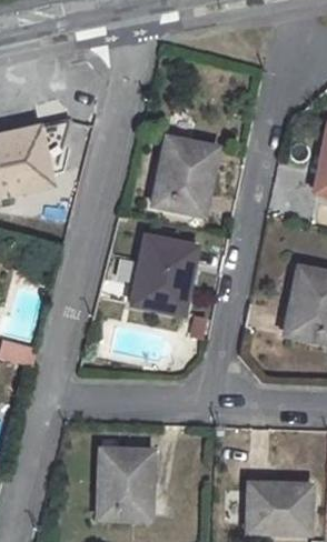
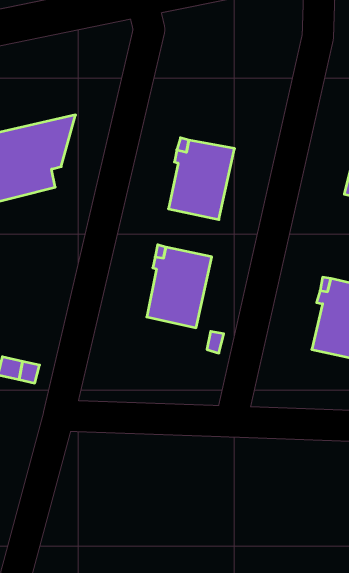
building: [98,450,151,518] -> none
building: [246,481,311,533] -> none

